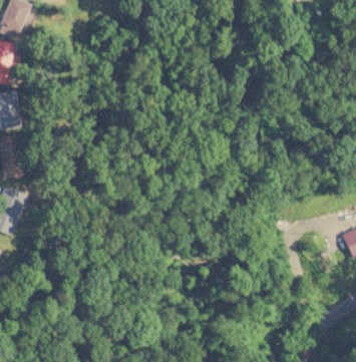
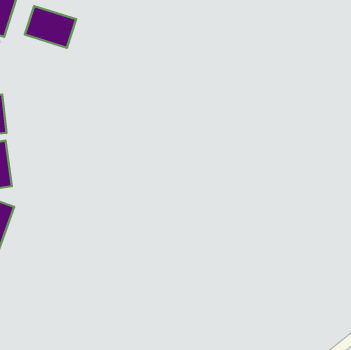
building: none -> [25,6,76,48]

